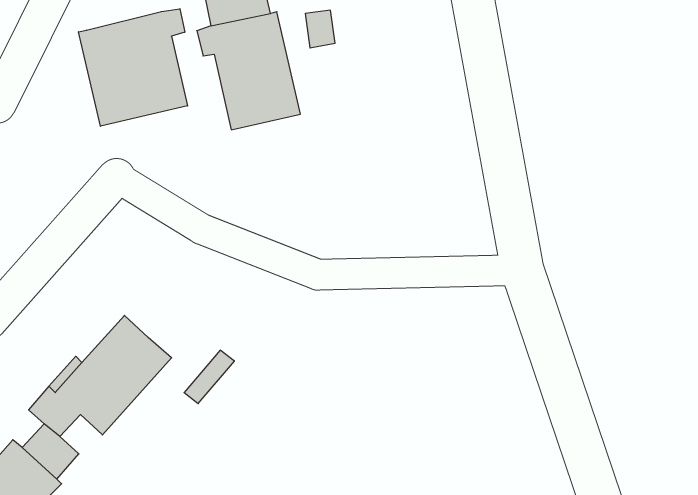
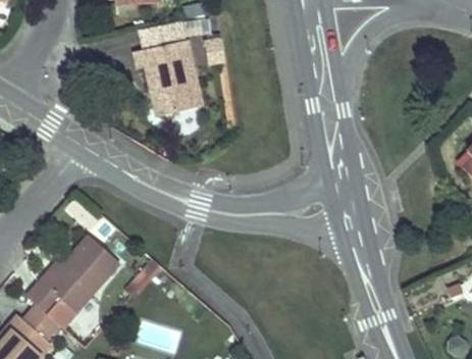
building: [79,9,188,126] -> none

